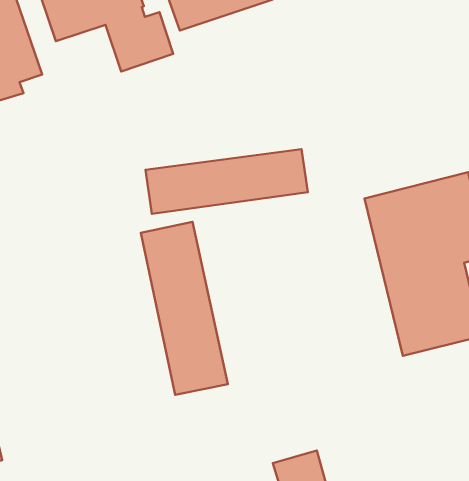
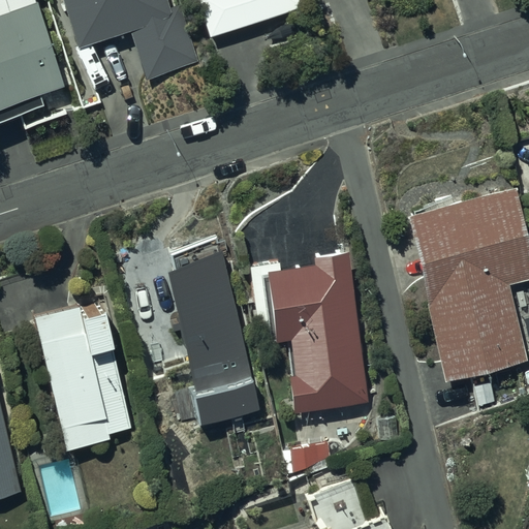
building: [146,149,308,214] -> none
building: none -> [250,251,368,410]
building: none -> [32,298,131,449]

